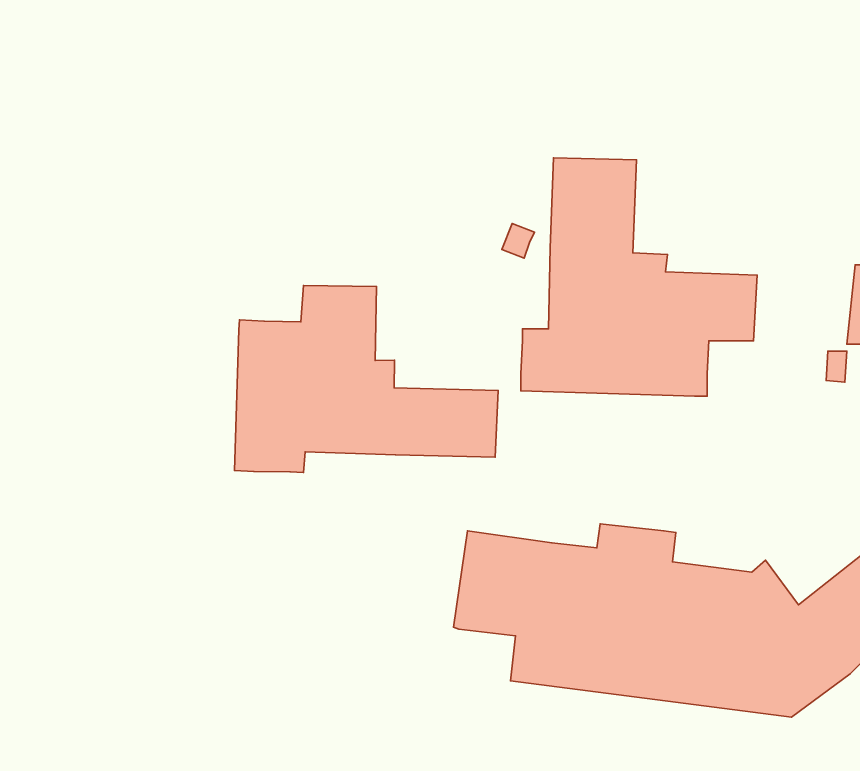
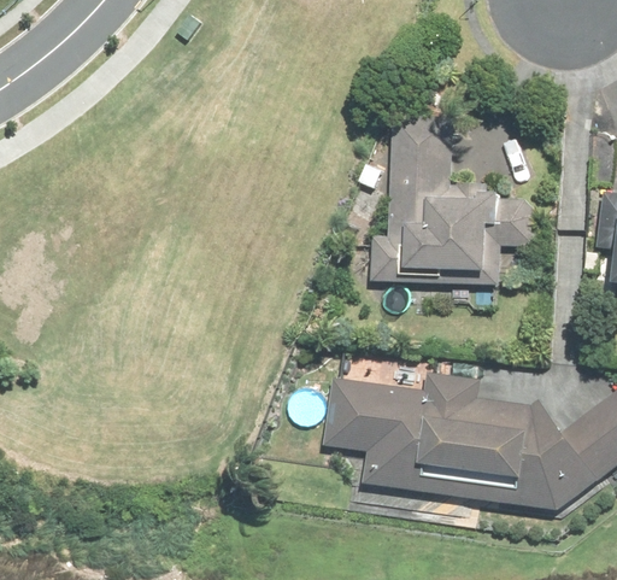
building: [235,286,498,473] -> none

